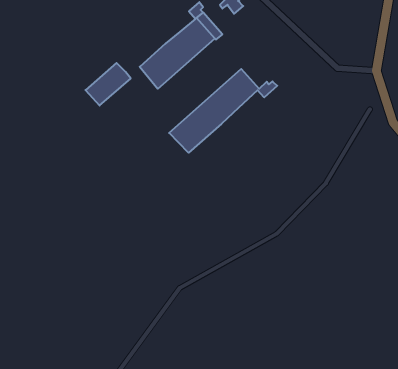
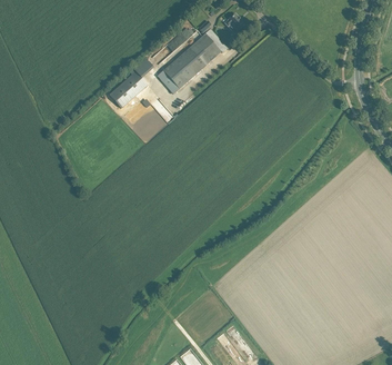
building: [169,69,277,153] -> none

